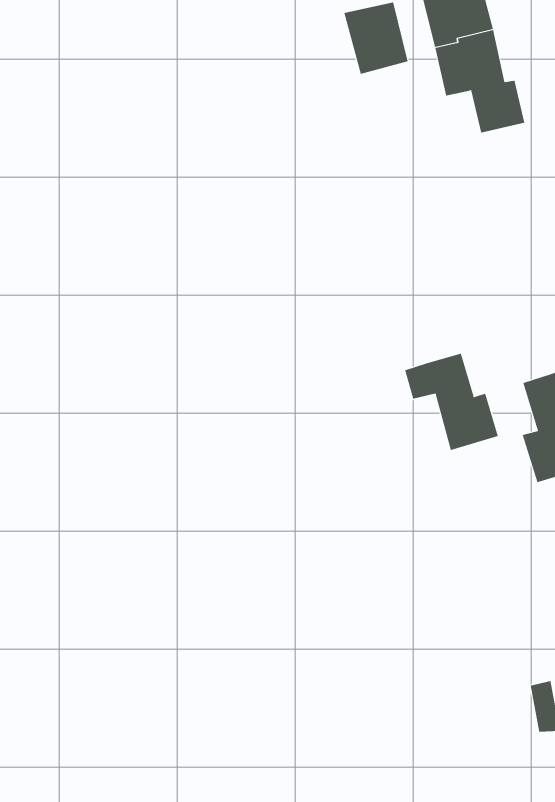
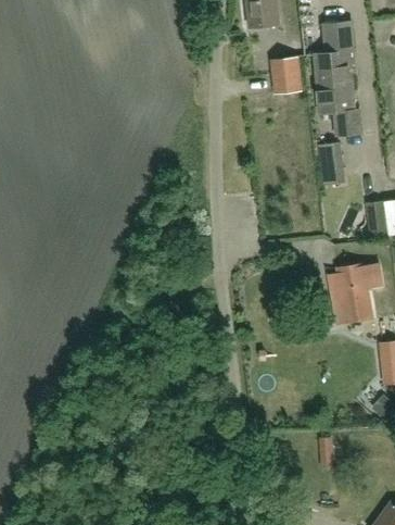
building: none -> [326,150,351,176]
building: [405,353,498,451] -> none

